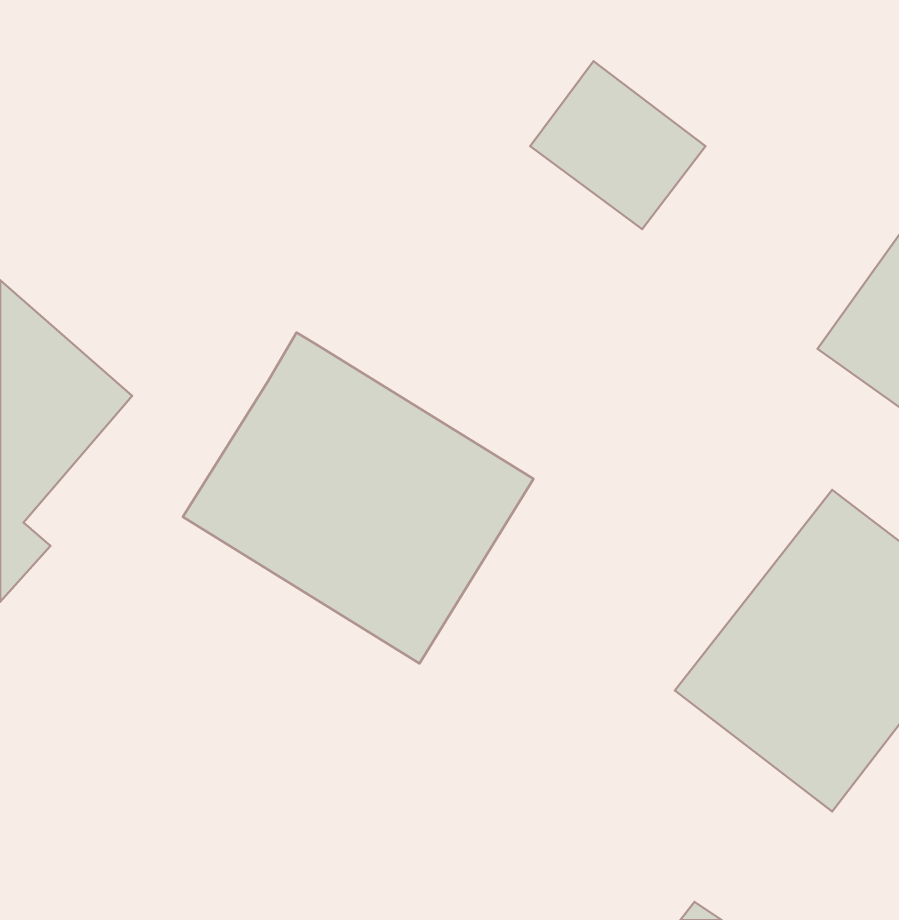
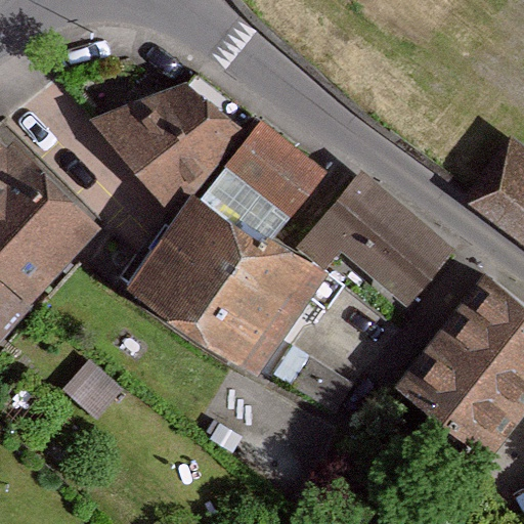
building: [530,61,706,229] -> [226,119,325,214]
building: none -> [100,82,244,216]
building: none -> [303,173,452,300]

